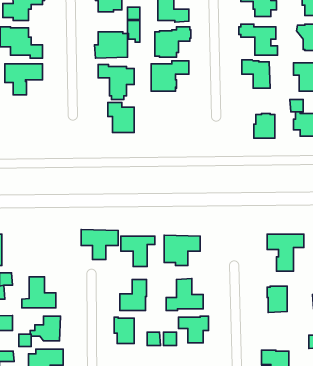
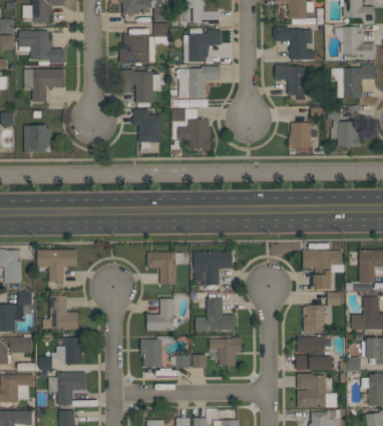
building: none -> [171,108,211,149]
building: none -> [24,125,50,153]
building: [81,229,118,260] -> [37,250,76,282]
building: none -> [296,338,333,371]

